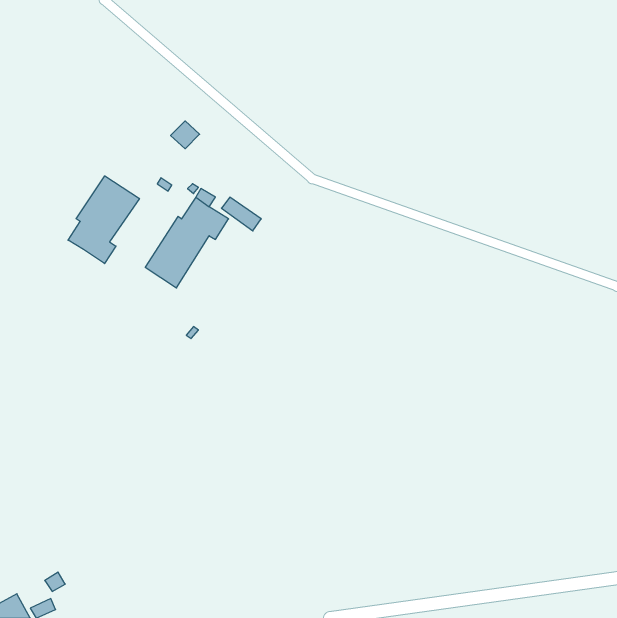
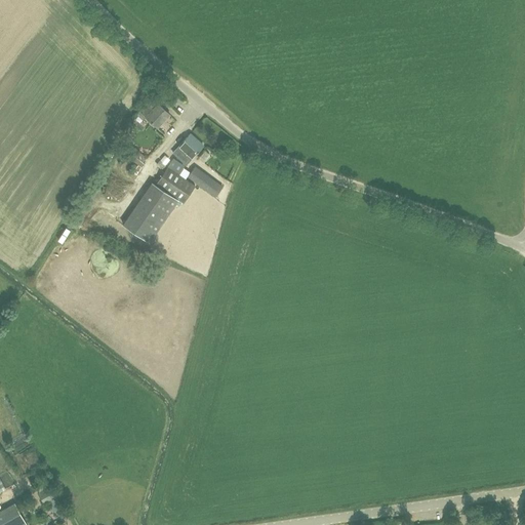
building: none -> [172,132,202,163]
building: [68,176,139,264] -> none

